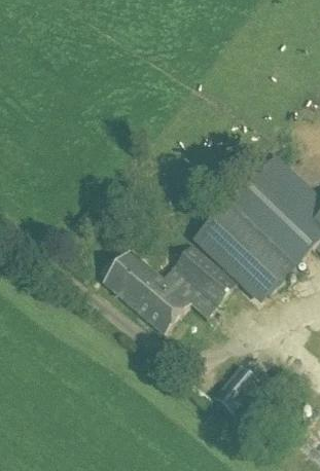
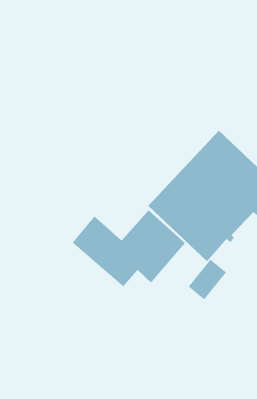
building: [212,364,257,411] -> [188,259,227,300]

